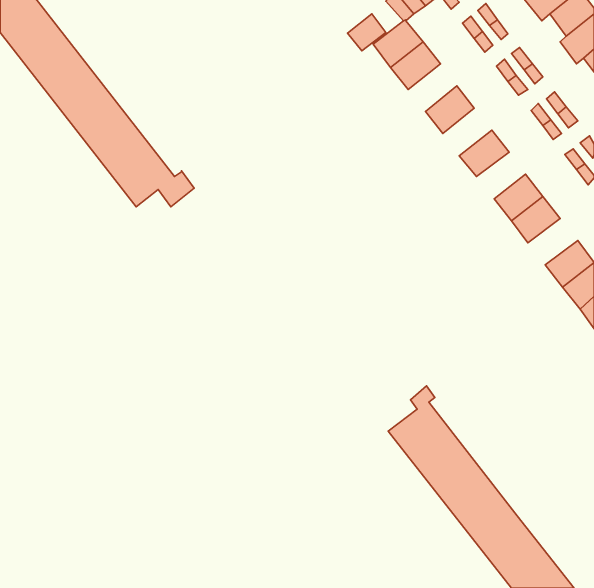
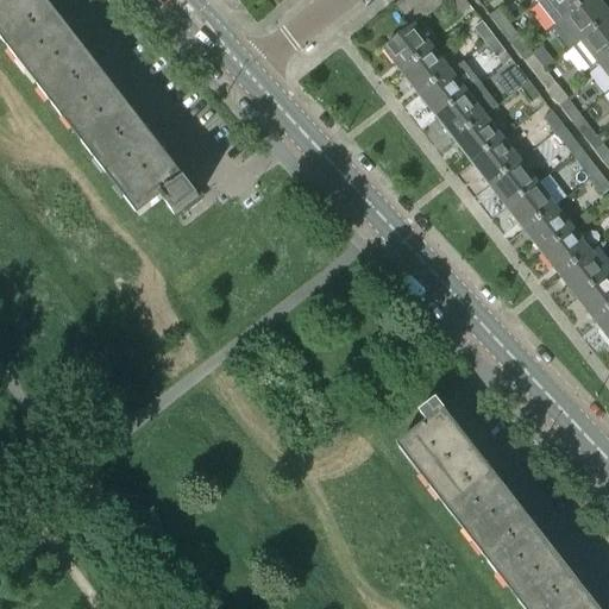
building: [348,14,386,51] -> none
building: none -> [417,65,467,114]
building: none -> [453,111,503,159]
building: none -> [488,156,538,203]
building: none -> [540,224,591,271]

